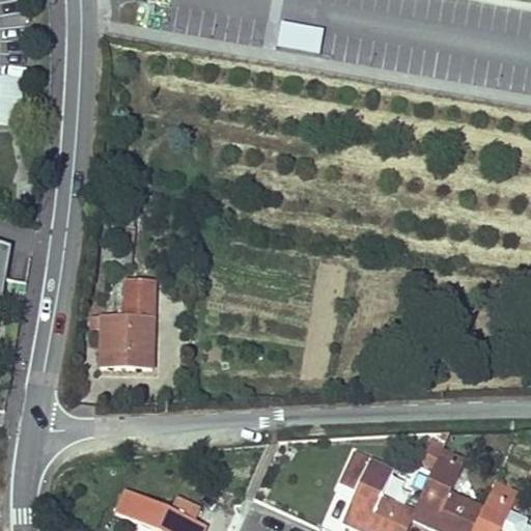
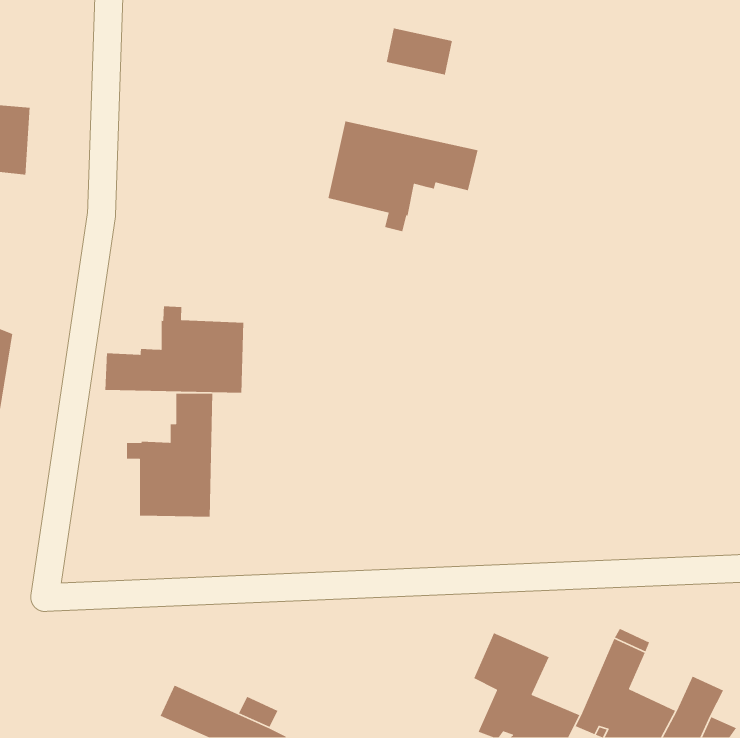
building: none -> [327,120,479,232]
building: none -> [104,305,244,394]

